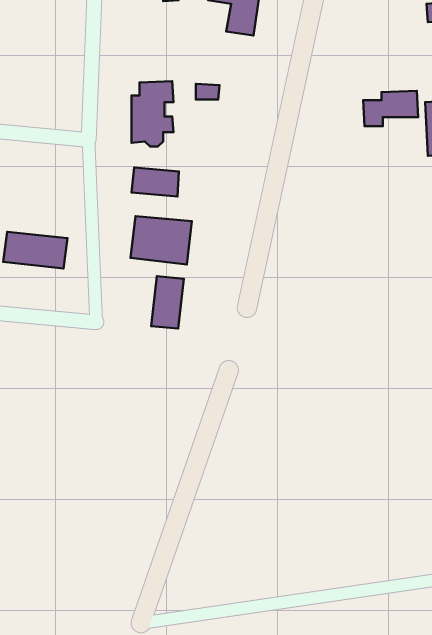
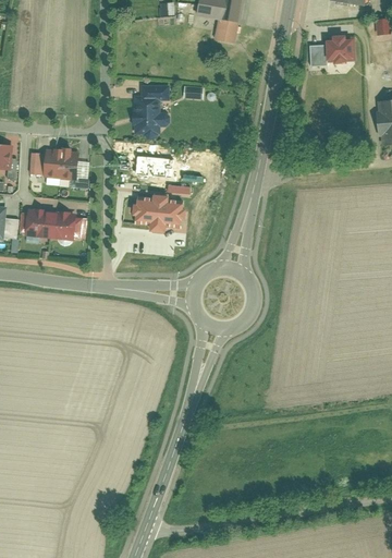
building: [363,91,418,126] -> [307,37,353,66]
building: none -> [46,150,85,179]
building: [151,276,184,329] -> none

